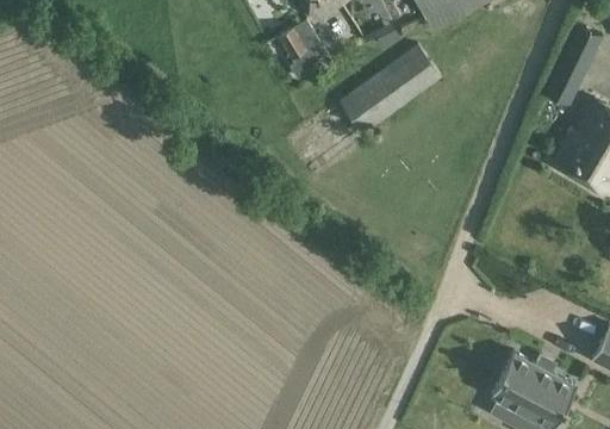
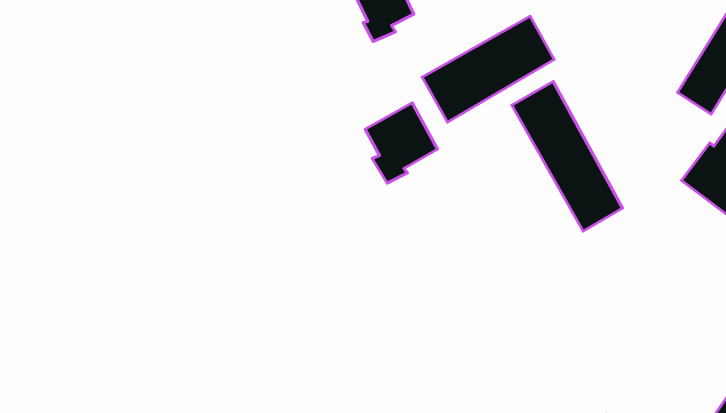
building: none -> [512,82,623,231]
building: none -> [365,103,438,183]

